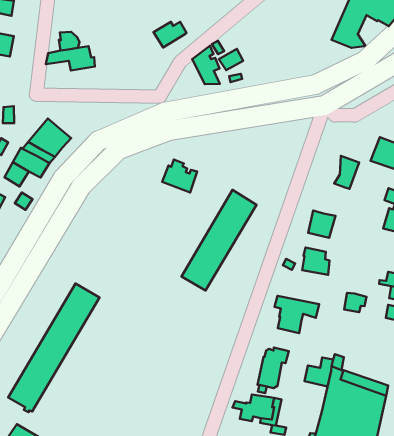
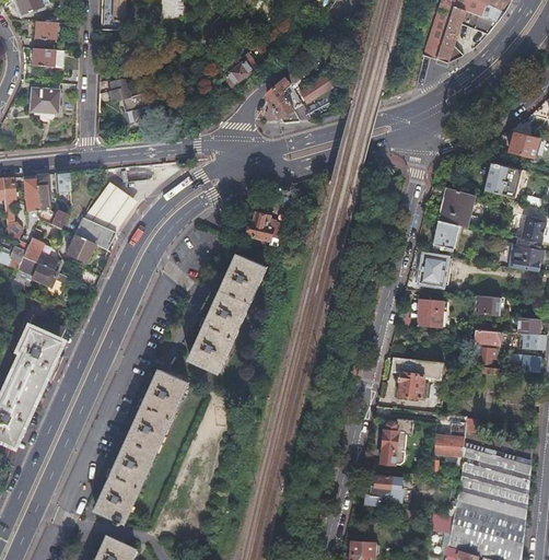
building: none -> [432,220,458,248]
building: [181,190,256,290] -> [189,253,267,372]
building: none -> [472,294,502,314]
building: none -> [474,329,503,347]

